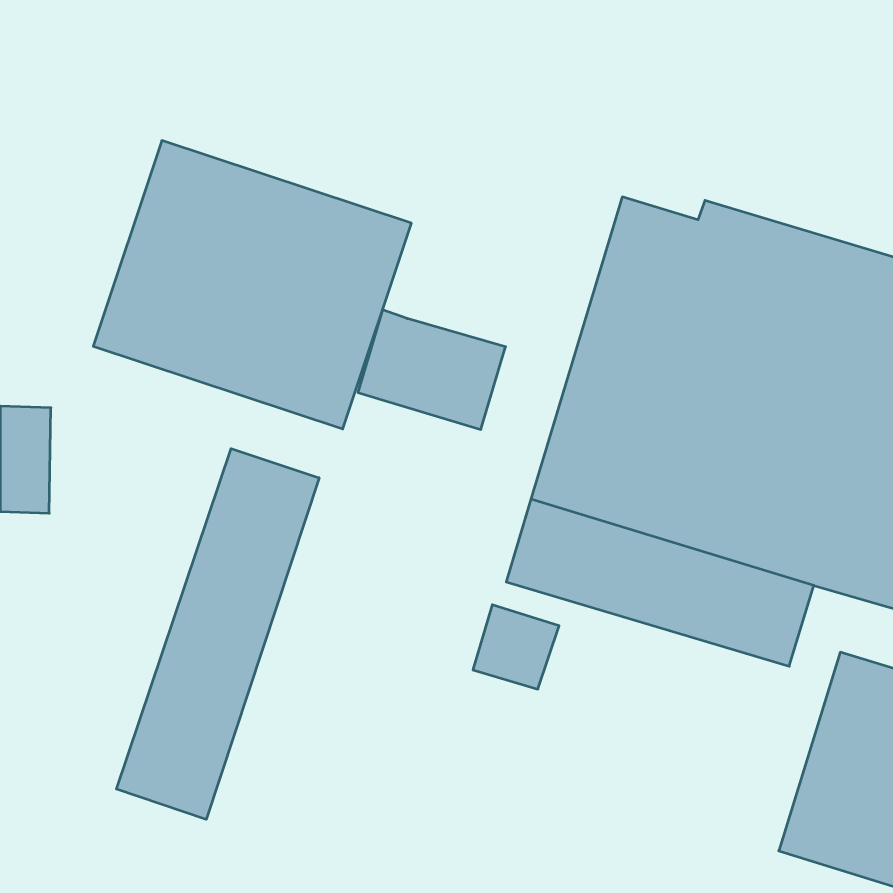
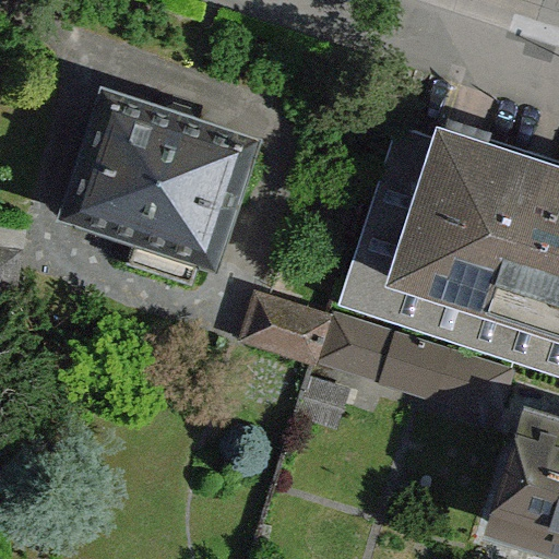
building: [358,310,506,429] -> [241,290,333,365]
building: [116,449,319,819] -> none

